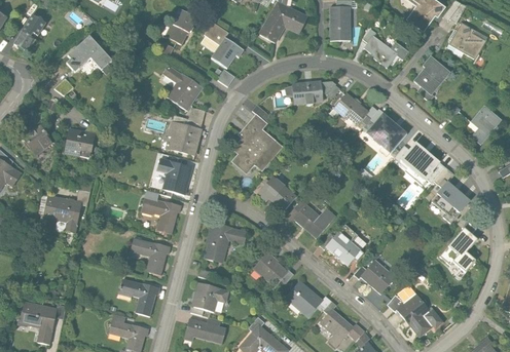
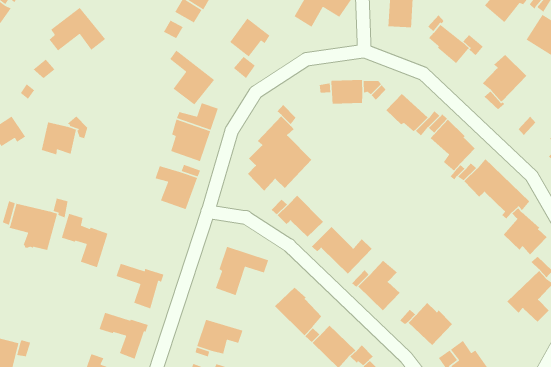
building: [139,192,177,235] -> [61,213,108,268]

